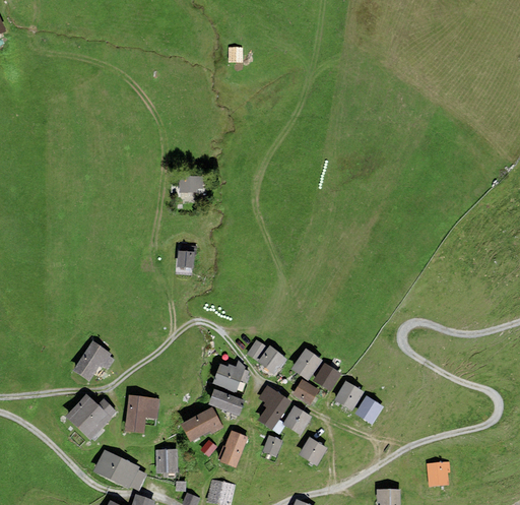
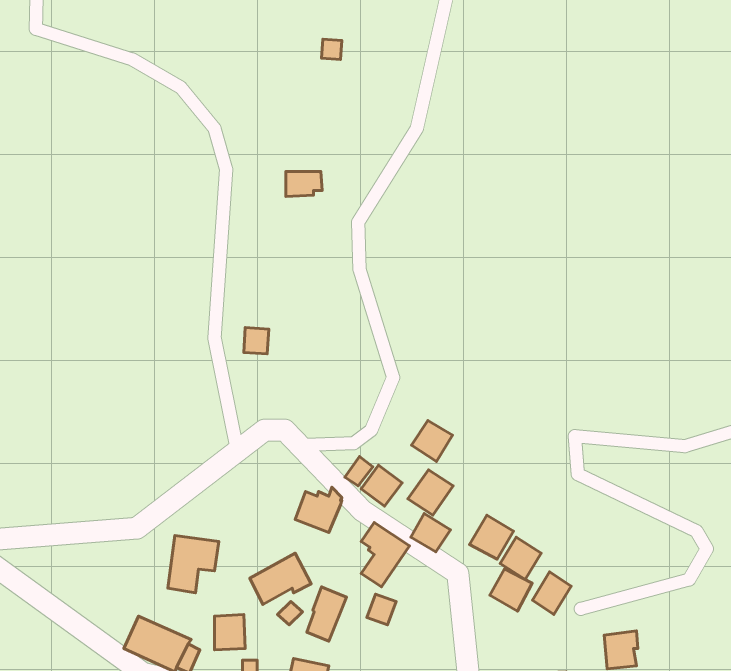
building: [179,176,204,193] -> [286,172,322,196]
building: [73,340,112,381] -> none
building: [313,363,341,391] -> [412,420,453,461]
building: [208,388,245,416] -> none
building: [65,393,117,440] -> none
building: [282,405,312,435] -> none
building: none -> [532,572,571,614]
building: [298,437,327,466] -> [490,569,532,611]

